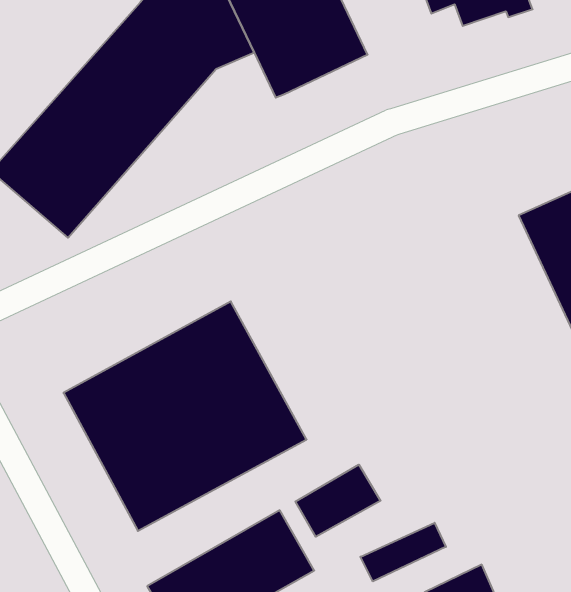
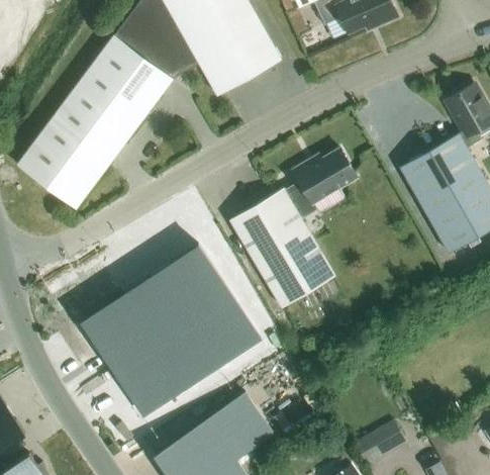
building: none -> [229,150,357,308]
building: [295,465,381,537] -> none
building: [360,523,446,581] -> none

